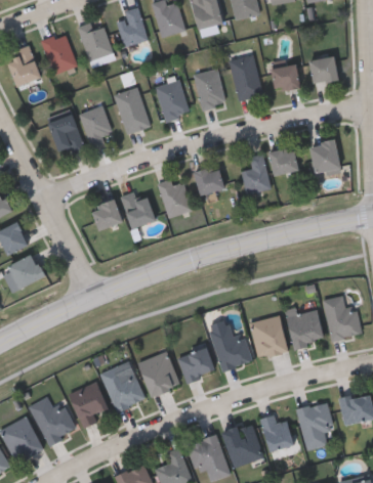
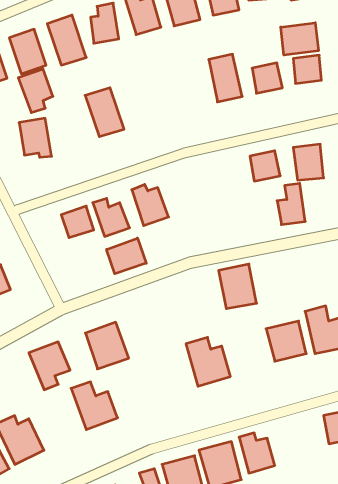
building: none -> [281,23,318,55]
building: [195,70,225,109] -> none
building: [155,80,190,121] -> none
building: [79,106,112,147] -> [18,69,53,113]
building: [243,155,270,193] -> [277,183,305,225]
building: [194,166,224,195] -> none
building: none -> [107,238,146,274]
building: [250,314,286,356] -> [219,264,257,309]
building: [175,343,214,382] -> none
building: [137,351,178,395] -> [85,322,129,369]
building: [68,382,107,427] -> [29,342,70,390]
building: [296,401,332,448] -> none

